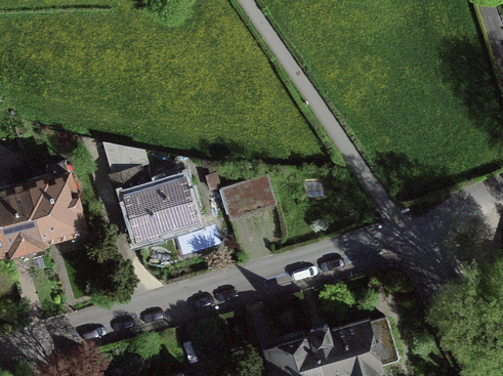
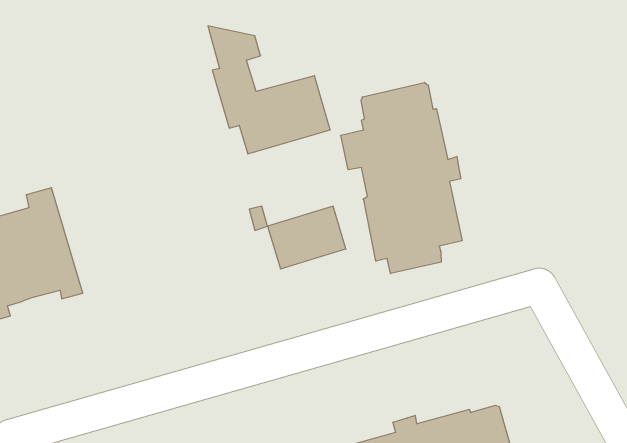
building: none -> [341,82,462,274]
building: [108,144,196,237] -> [208,26,330,154]

